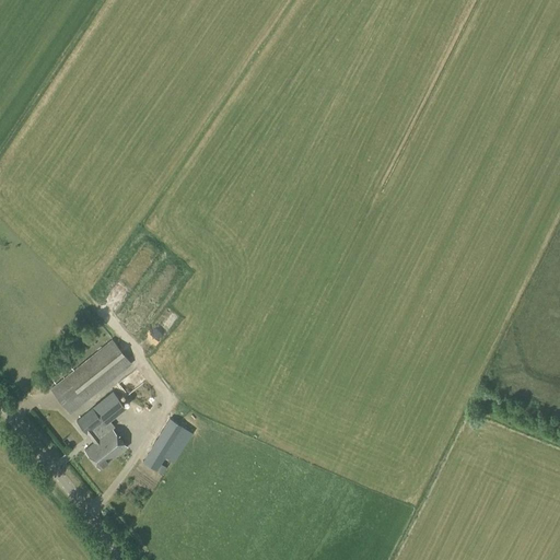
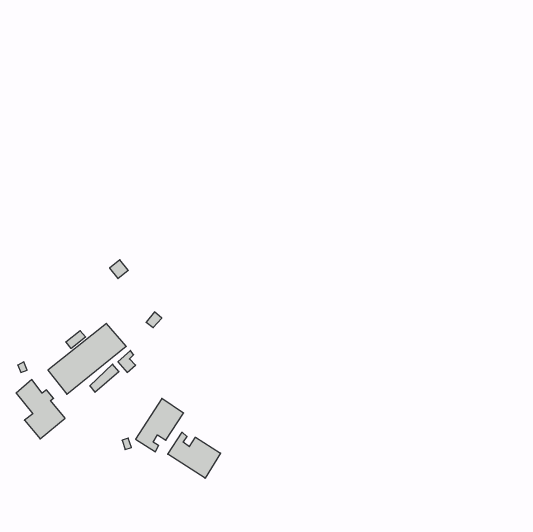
building: [75,408,127,470] -> [16,380,65,439]
building: none -> [168,432,221,478]

